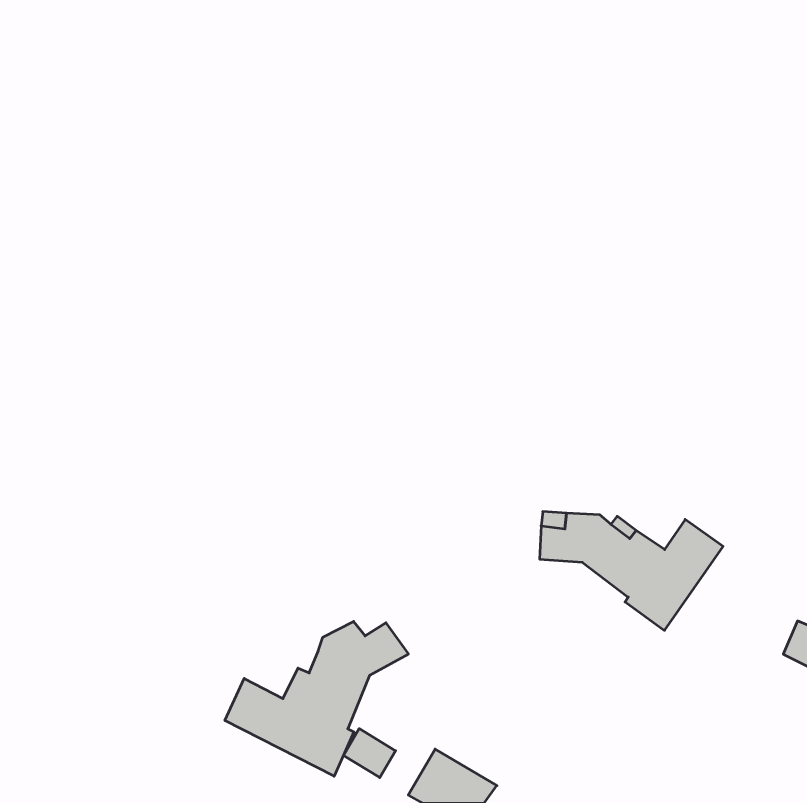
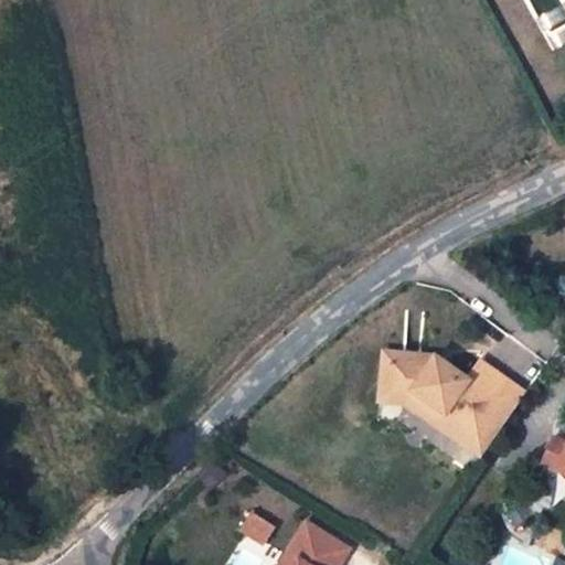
building: none -> [375,381,524,458]
building: [225,621,408,776] -> none

